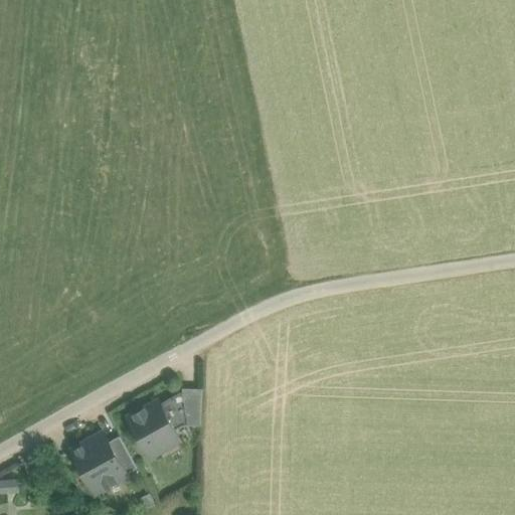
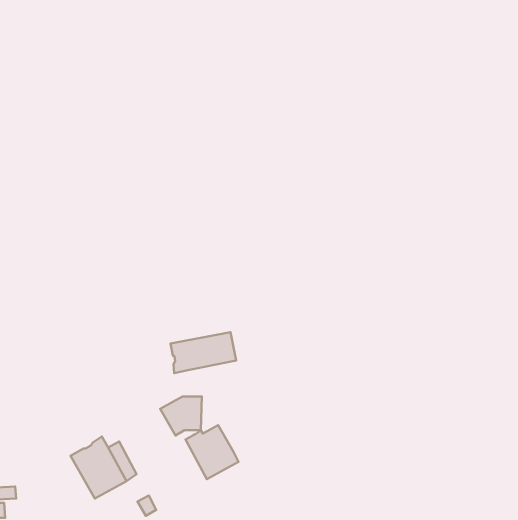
building: none -> [170,332,236,373]
building: [126,404,178,458] -> [186,425,239,479]

